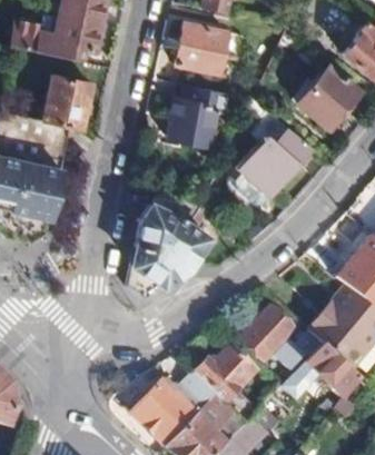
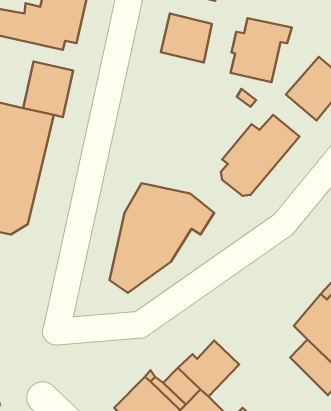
building: [164,82,224,145] -> [230,18,292,82]
building: [240,306,306,369] -> none

